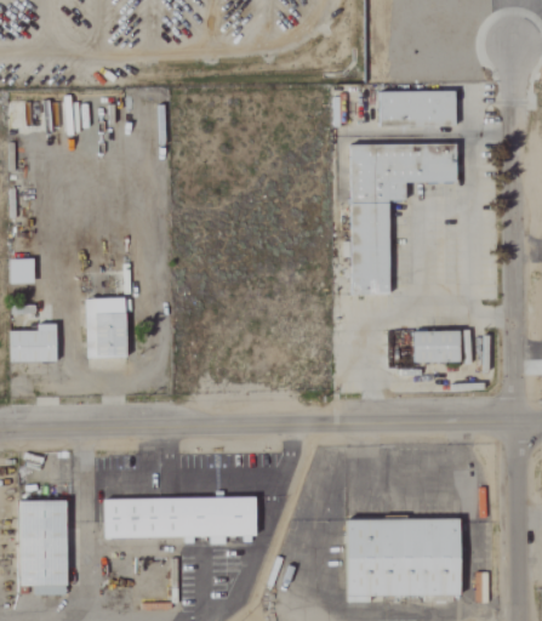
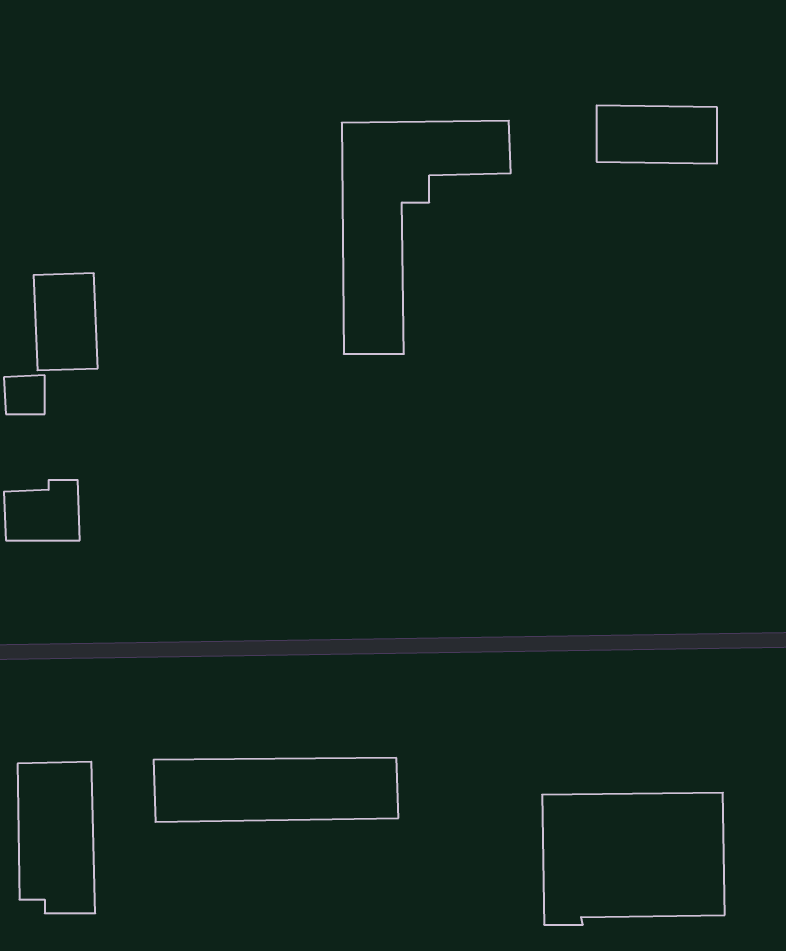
building: [352,148,457,294] -> [342,121,511,354]
building: [89,297,129,358] -> [34,273,98,370]
building: [415,330,461,361] -> none

